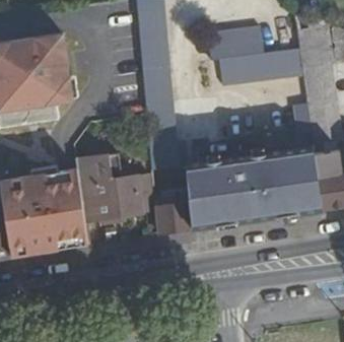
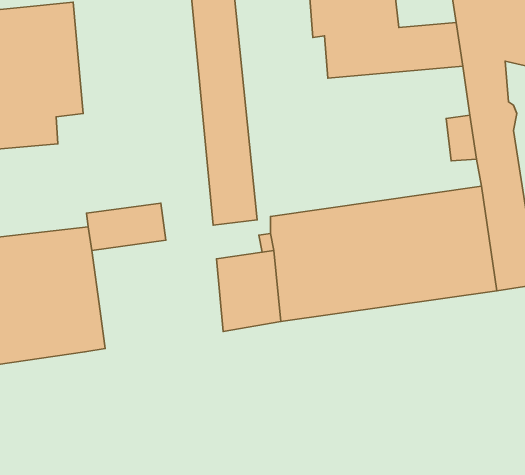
building: [79,175,150,221] -> none

